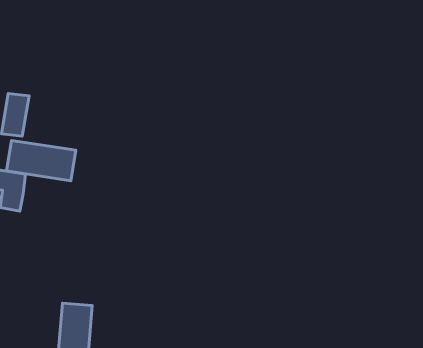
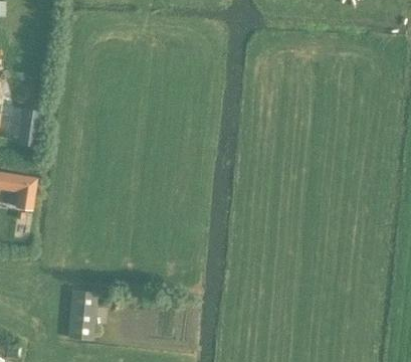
building: [6,140,76,181] -> none

